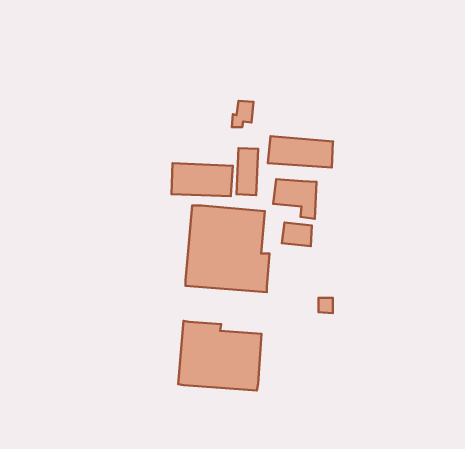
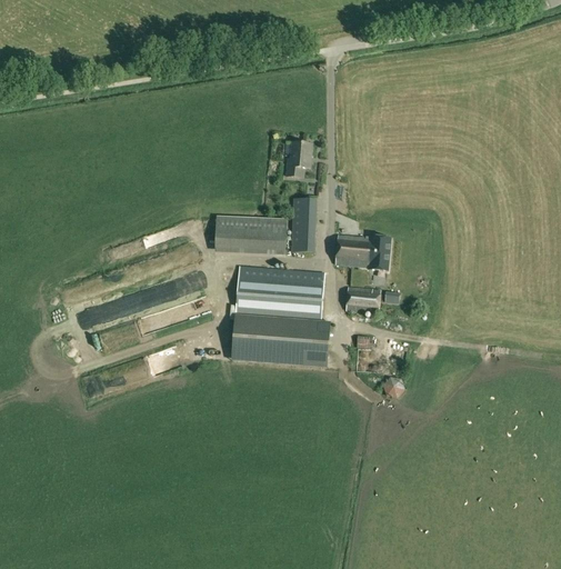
building: [268,136,333,167] -> none
building: [178,321,262,391] -> none

